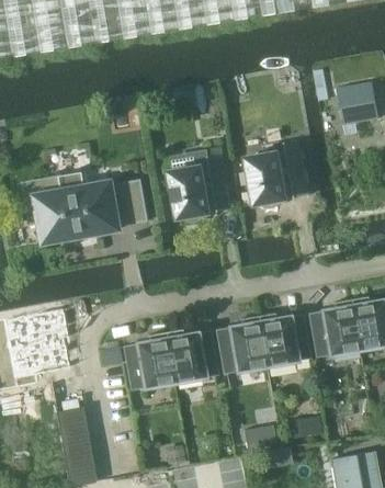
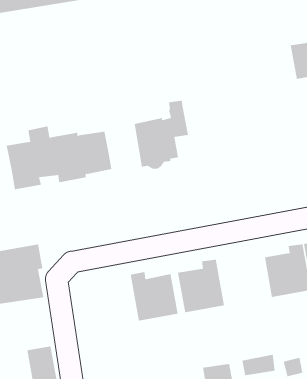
building: [247,141,309,207] -> none
building: [258,313,309,365] -> none
building: [124,332,174,389] -> none

